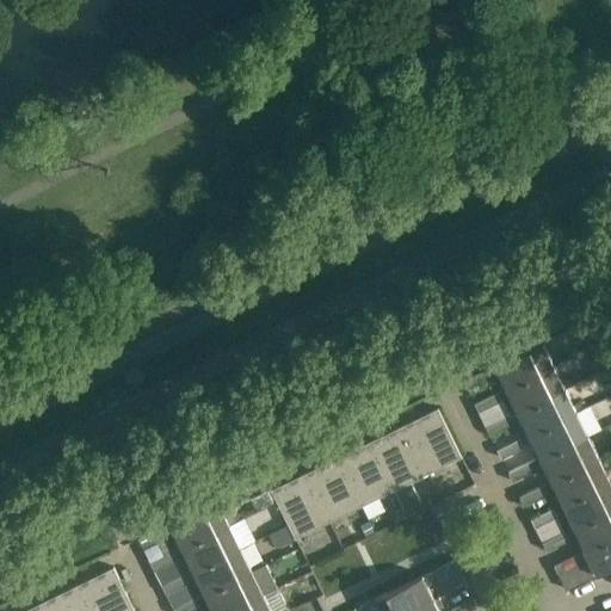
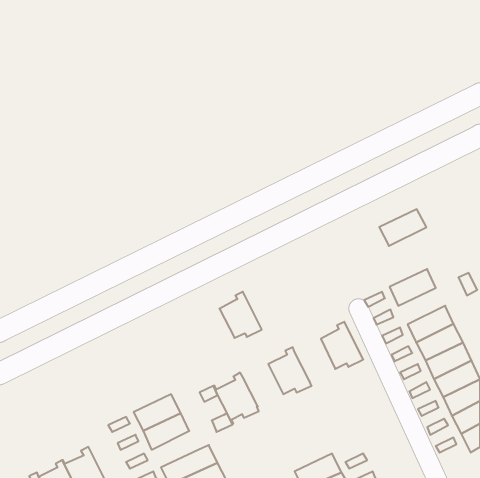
building: [505,369,564,415] -> [379,209,426,246]
building: [374,428,427,487] -> none
building: [308,461,362,519] -> [219,292,262,338]
building: [192,550,252,597] -> none

